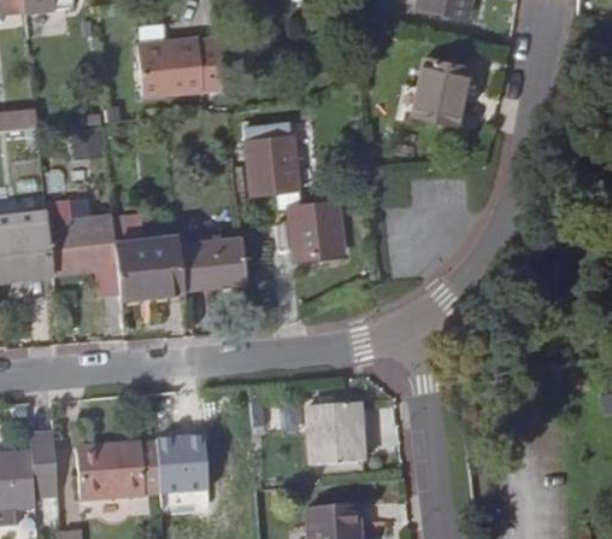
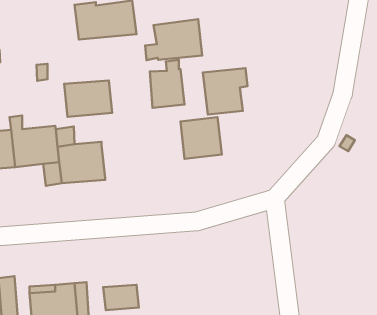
building: [413,57,467,122] -> none
building: none -> [145,19,202,60]
building: none -> [203,68,247,115]
building: [176,240,245,292] -> [64,81,112,117]
building: [308,405,361,467] -> none

